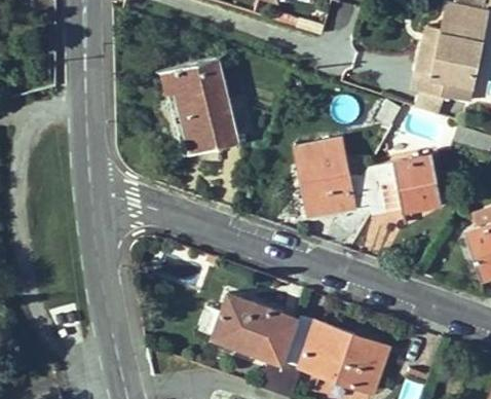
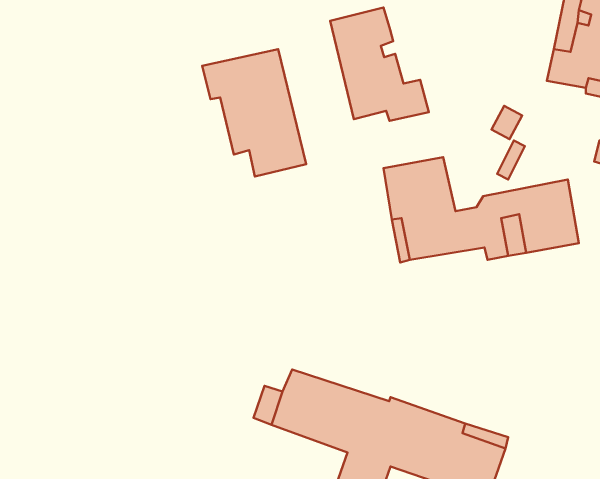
building: none -> [330,8,429,121]

